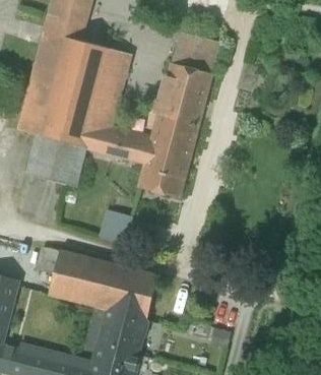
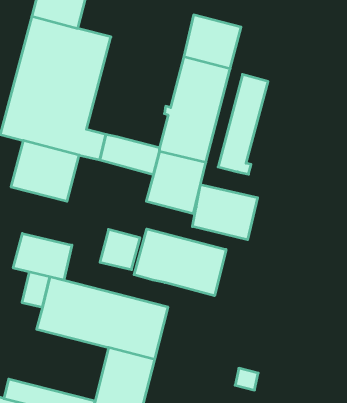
building: [89,50,131,133] -> [218,74,268,174]
building: none -> [192,185,258,240]
building: none -> [134,229,226,296]
building: none -> [13,233,72,280]

